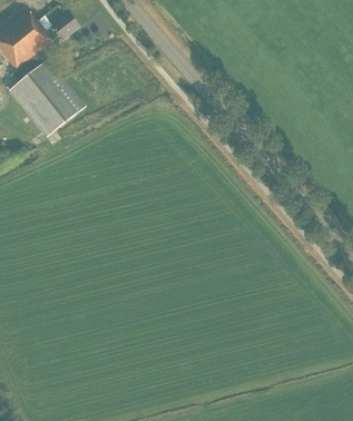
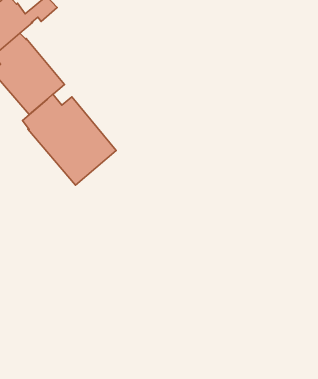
building: none -> [22,94,116,185]

